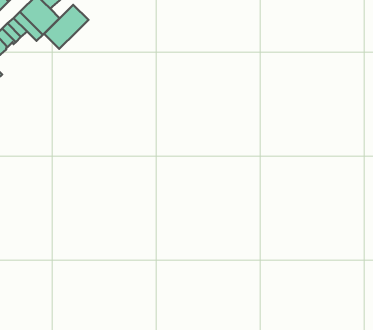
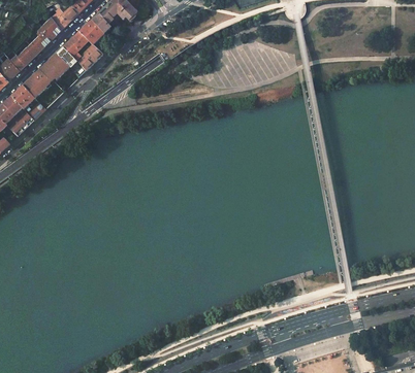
building: [44,5,88,49] -> none

